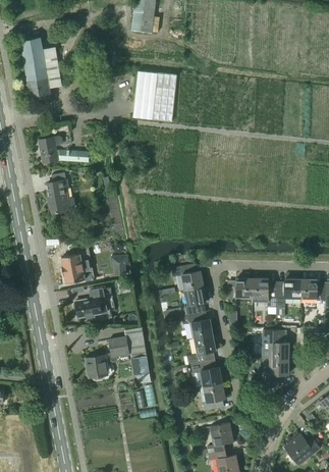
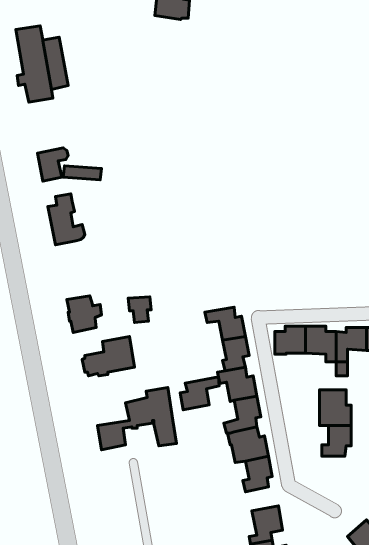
building: [133,70,177,121] -> none
building: none -> [180,377,219,410]

